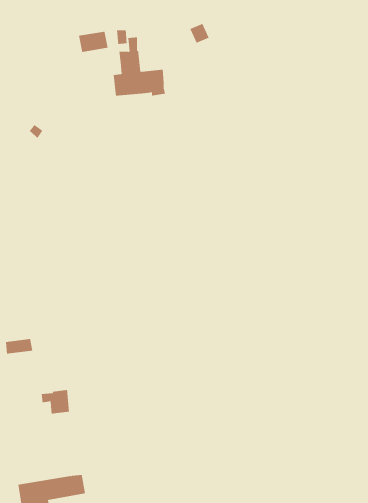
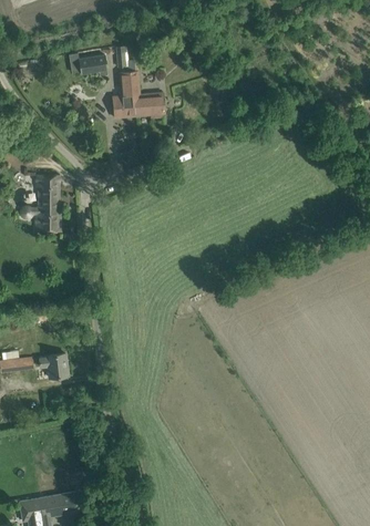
building: none -> [19,174,61,231]
building: [41,389,70,414] -> [39,353,68,378]

